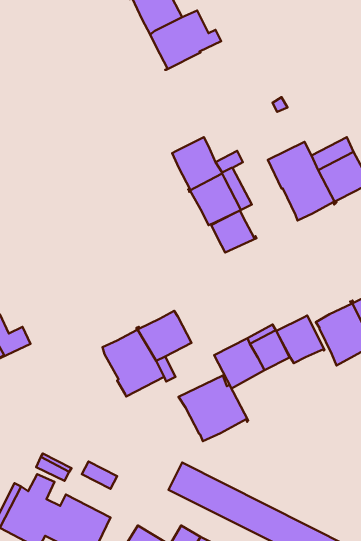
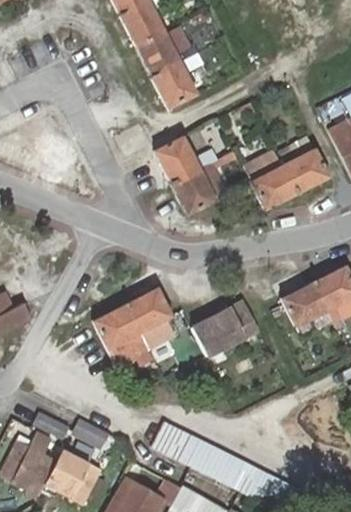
building: none -> [151,52,203,109]
building: [211,211,256,252] -> none
building: [277,315,324,363] -> none
building: [178,376,248,441] -> none

